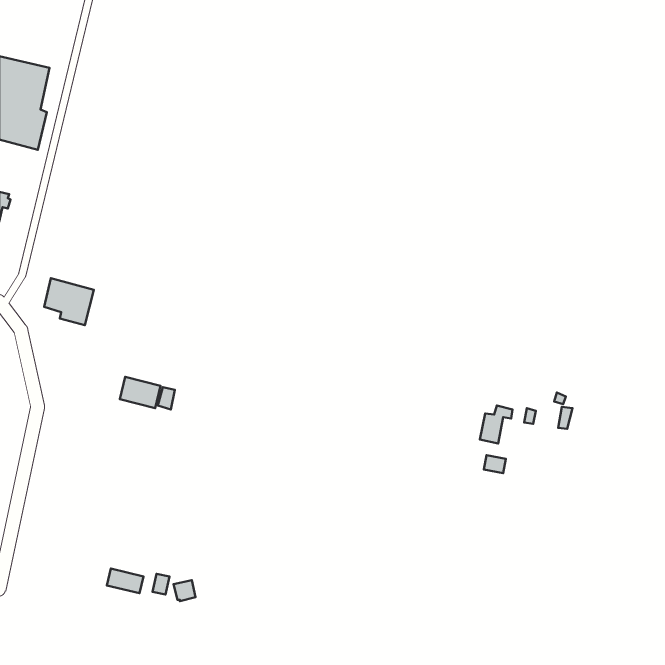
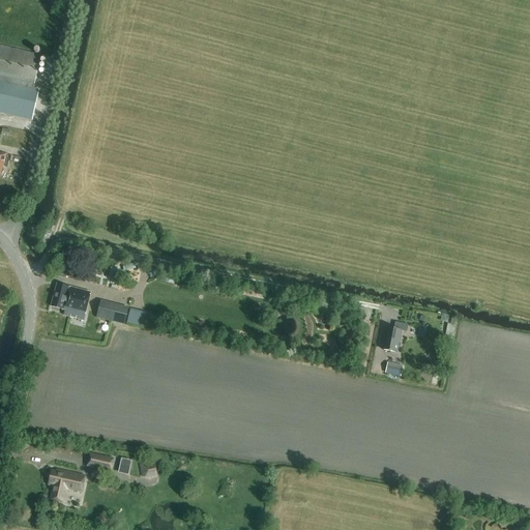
building: [44,278,94,325] -> [51,283,90,320]
building: none -> [48,469,84,502]

